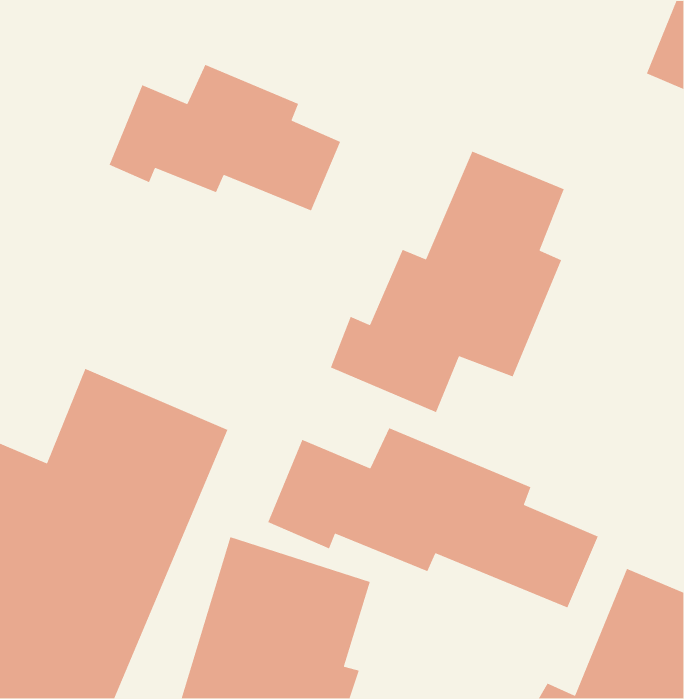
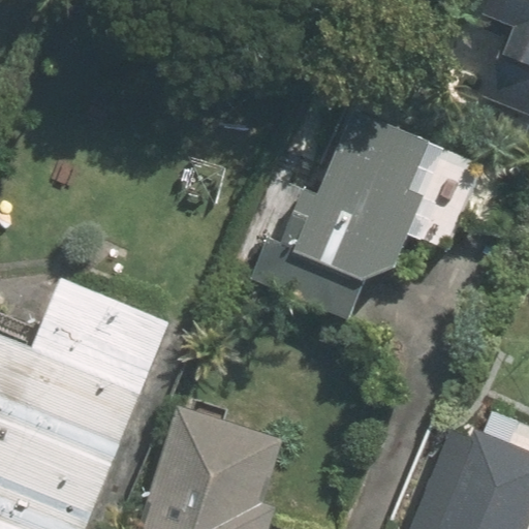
building: [108,64,341,211] -> none
building: [267,427,599,608] -> none

